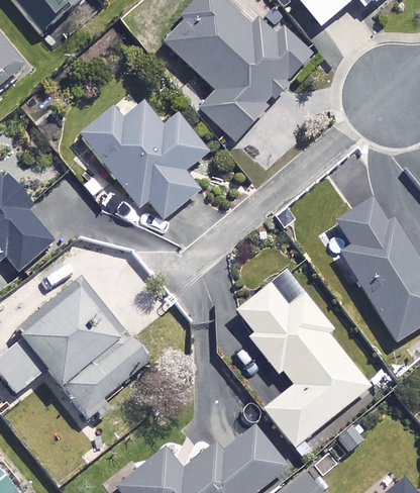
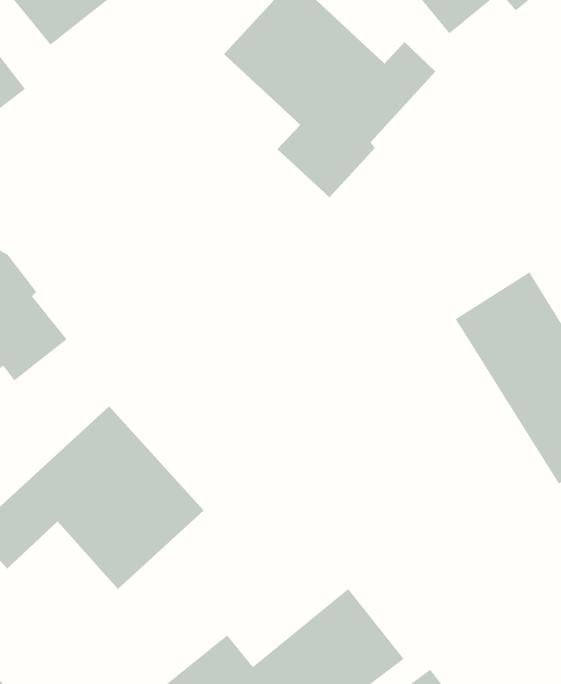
building: [82,101,207,218] -> none
building: [236,283,369,443] -> none

